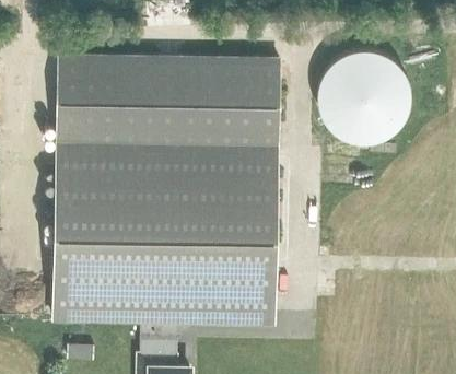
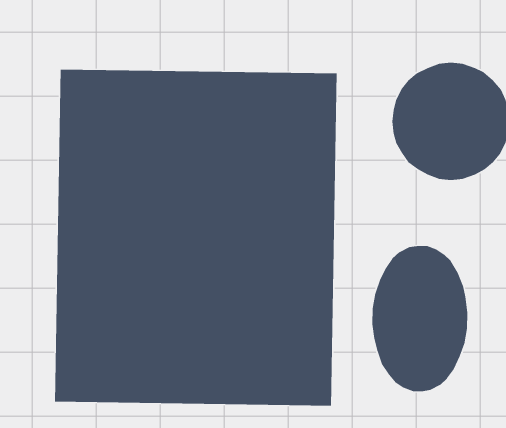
building: none -> [372,245,468,392]

